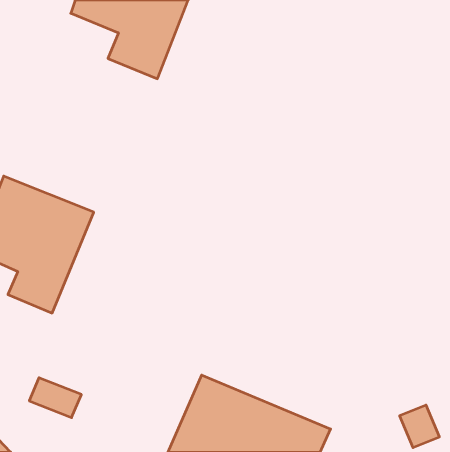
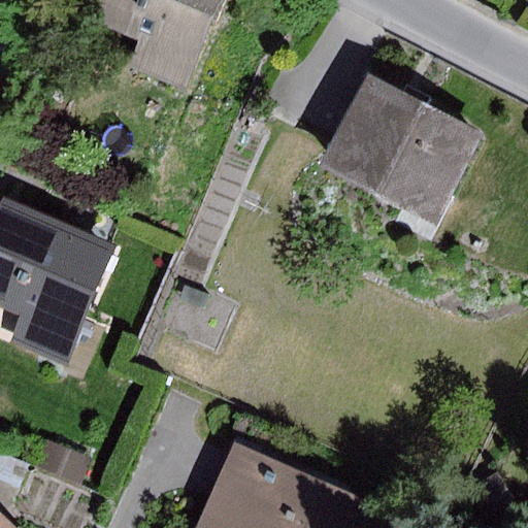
building: none -> [321,73,485,226]

